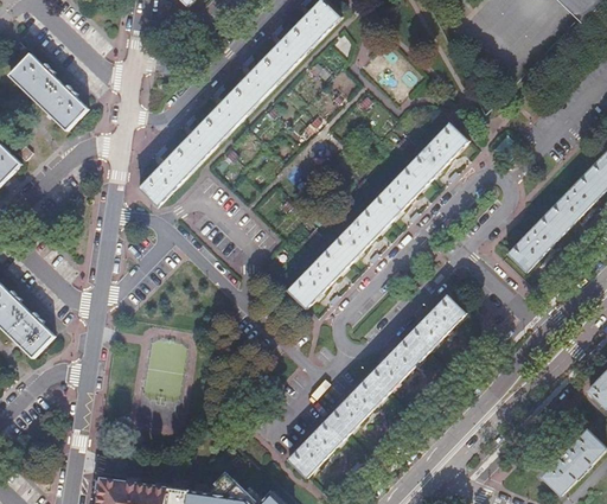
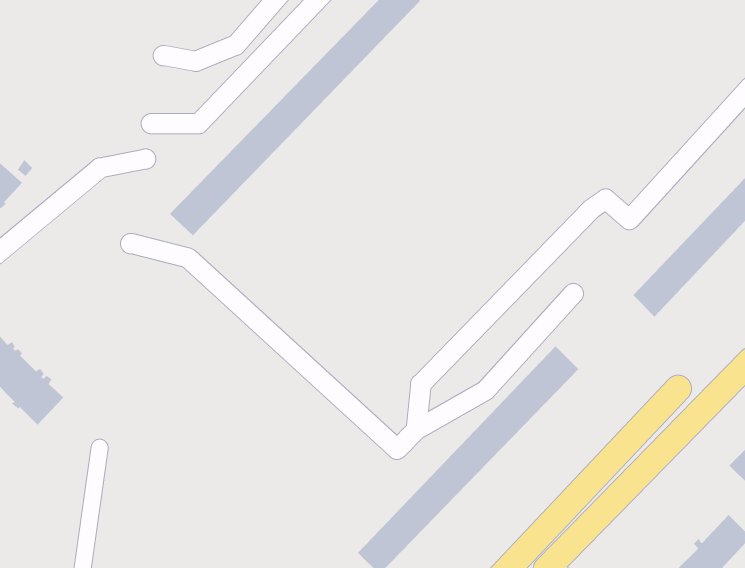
building: [8,53,87,130] -> none
building: [287,122,467,307] -> none

